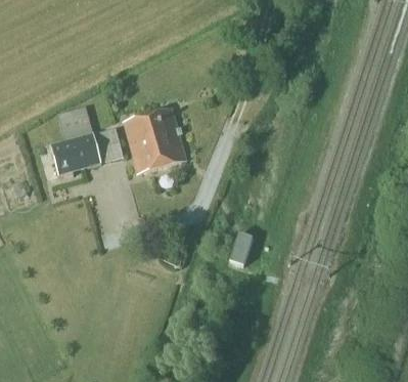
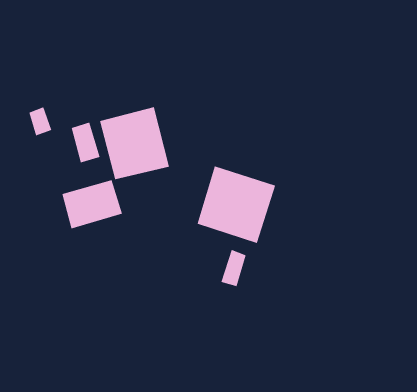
building: [49,131,102,174] -> [62,180,123,229]
building: none -> [197,165,276,244]

